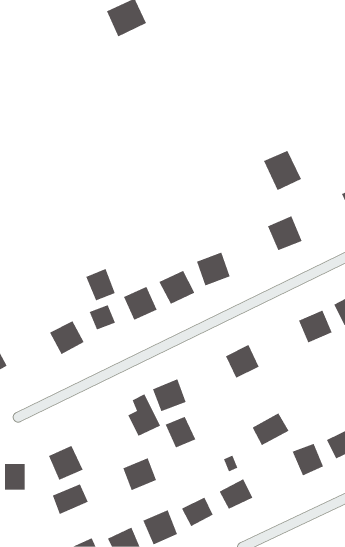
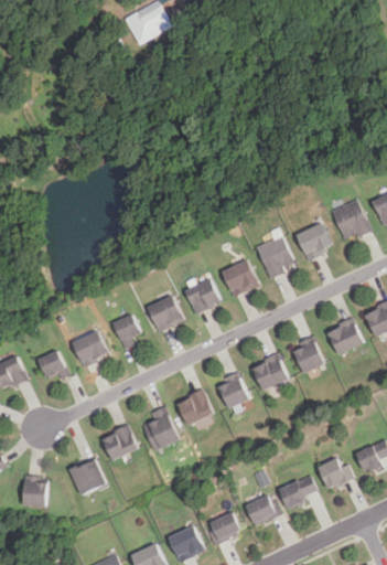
building: [263,150,302,191] -> [330,200,369,242]
building: none -> [256,236,294,278]
building: [85,268,116,301] -> none
building: none -> [292,341,323,373]
building: none -> [37,351,67,380]
building: [252,413,289,446] -> [279,476,318,510]
building: [165,416,196,448] -> [216,375,248,408]
building: [123,457,157,491] -> [101,426,137,460]
building: [52,483,88,515] -> none

